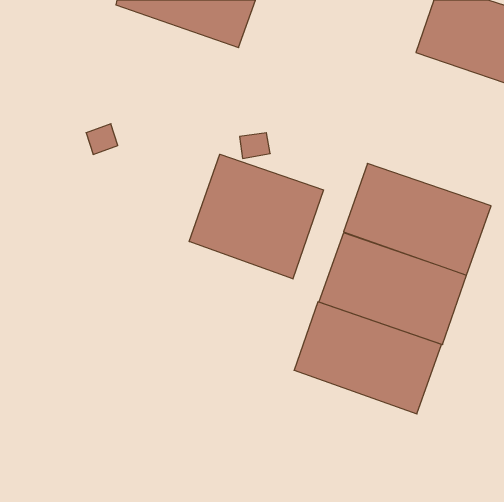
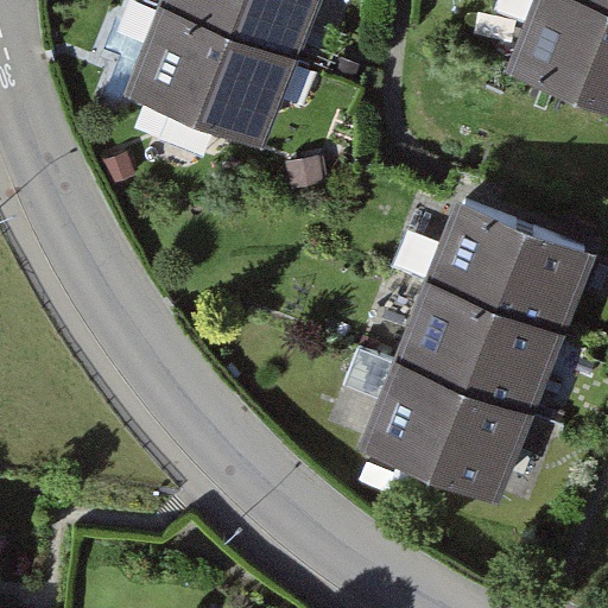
building: none -> [116,14,293,148]
building: [189,154,323,279] -> none

